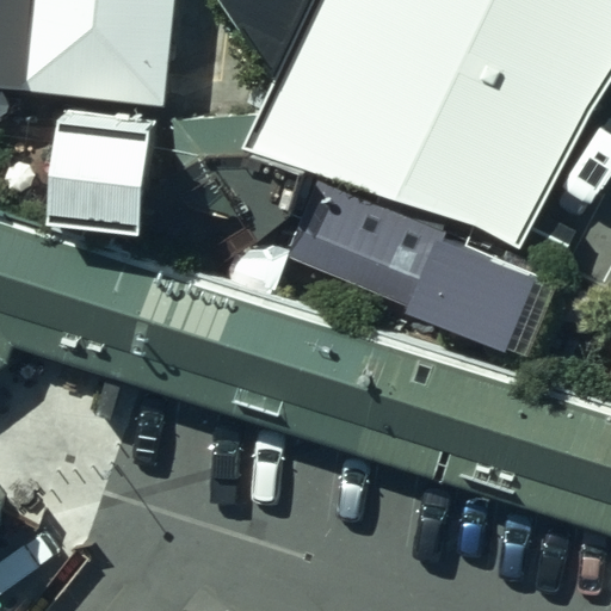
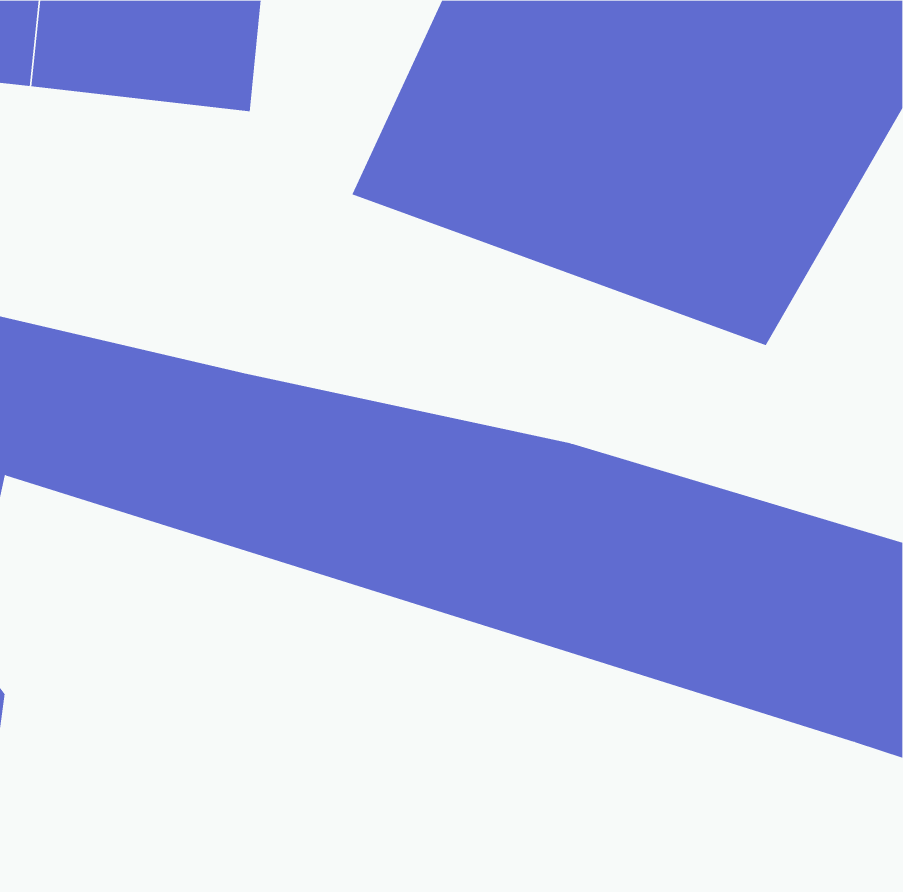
building: [48,123,150,218] -> none
building: [277,177,537,346] -> none

